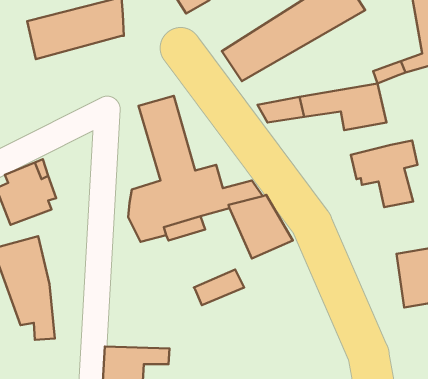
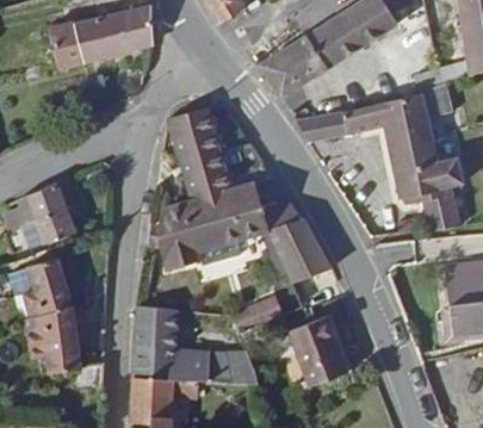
building: none -> [389,138,439,173]
building: none -> [132,305,255,382]
building: none -> [287,315,347,386]

